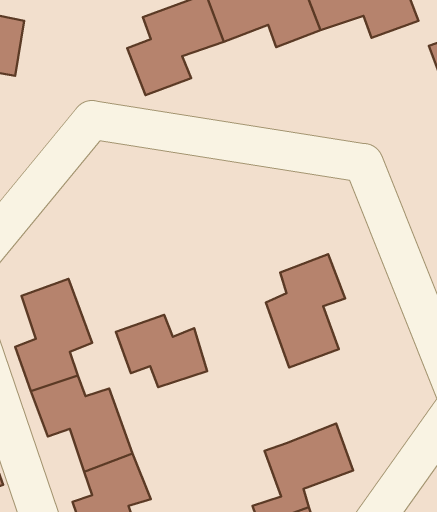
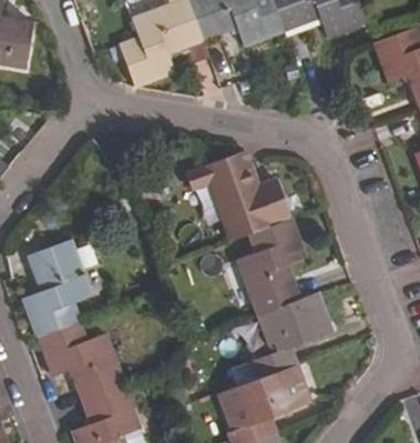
building: none -> [183,151,289,241]
building: [116,315,207,387] -> none
building: none -> [248,293,330,380]

